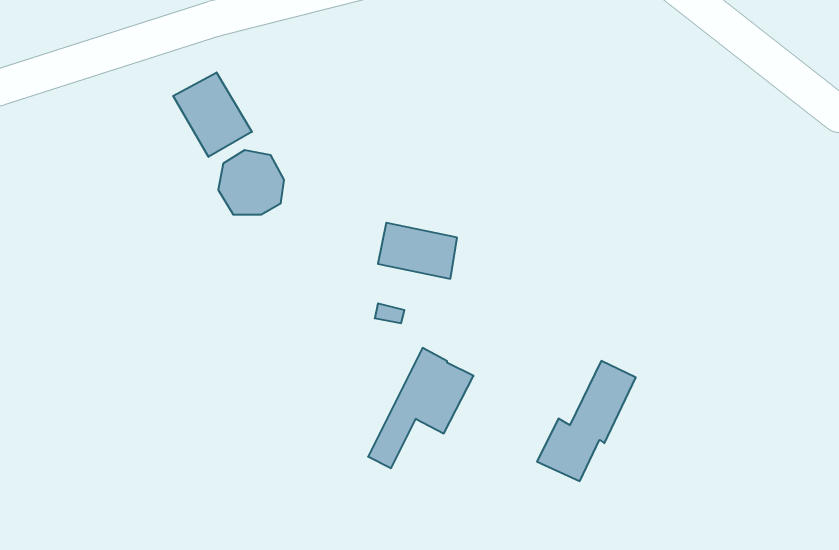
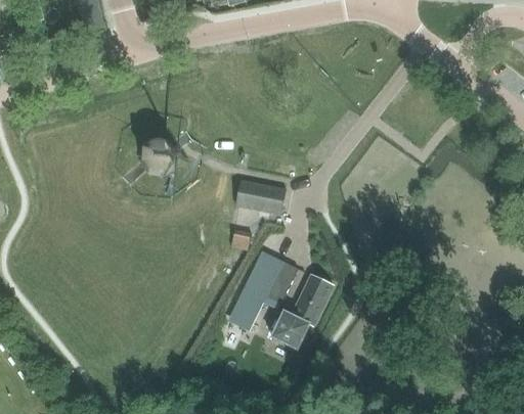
building: [173,72,252,157] -> none
building: [537,361,636,481] -> [270,273,332,348]

